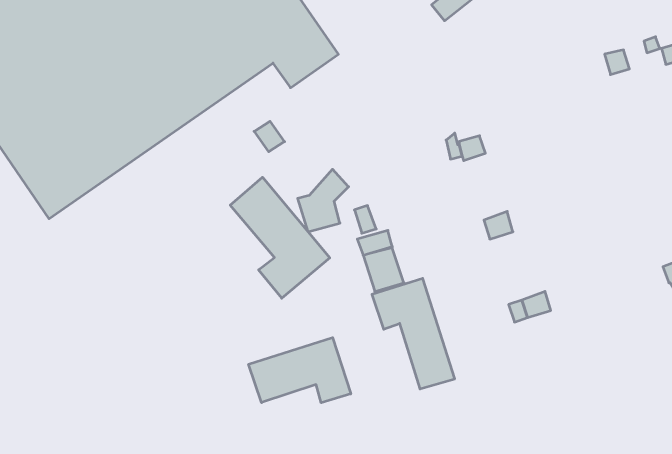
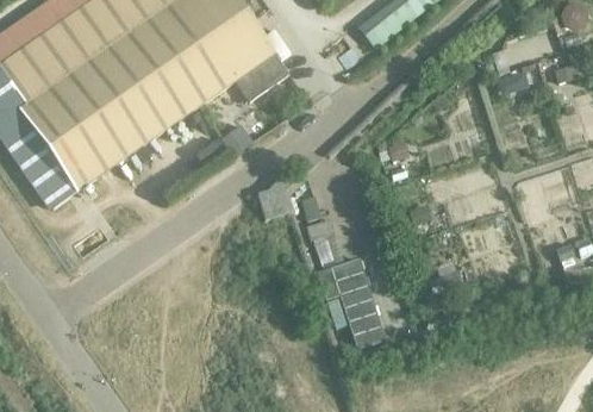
building: [230,177,330,298] -> none
building: [249,338,351,403] -> none

